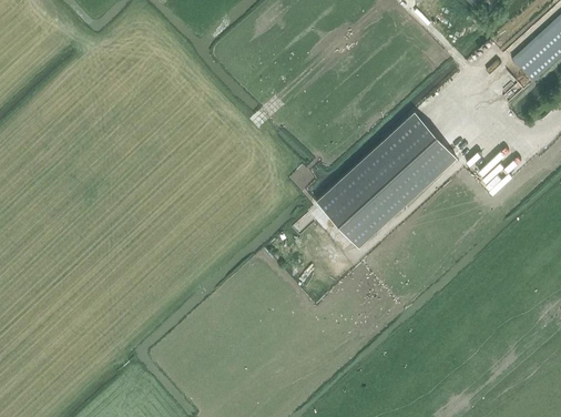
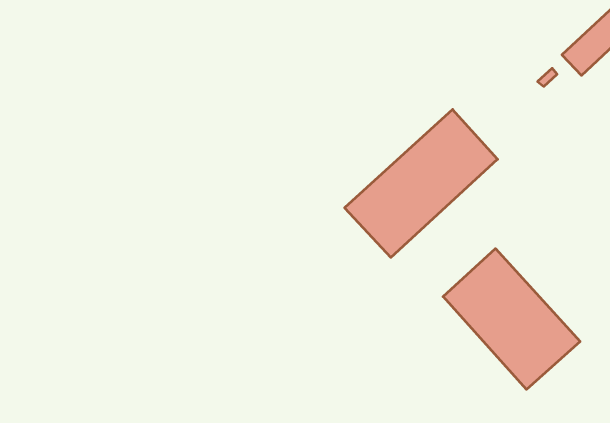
building: none -> [443,249,580,389]

